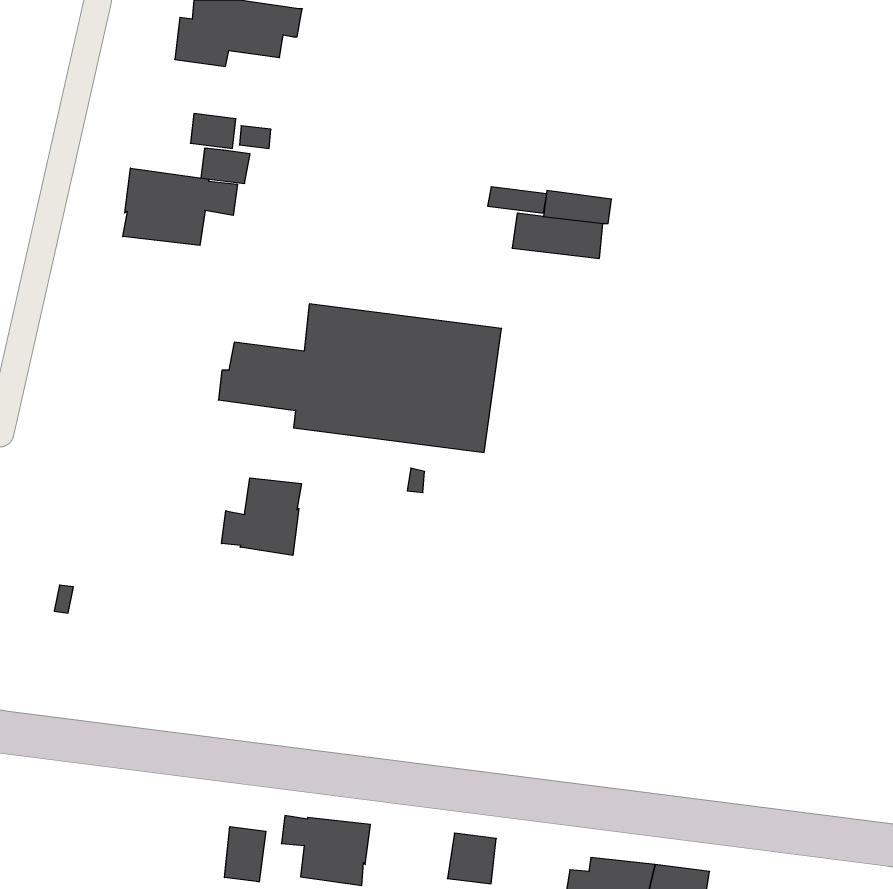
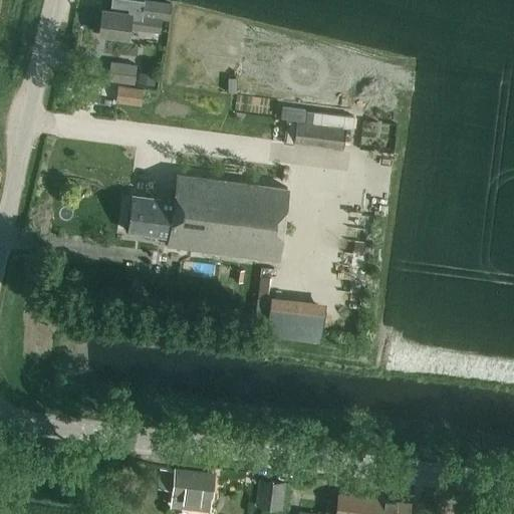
building: [123,168,237,245] -> none
building: [222,478,301,555] -> none
building: none -> [265,294,326,342]
building: [225,827,266,882] -> none

